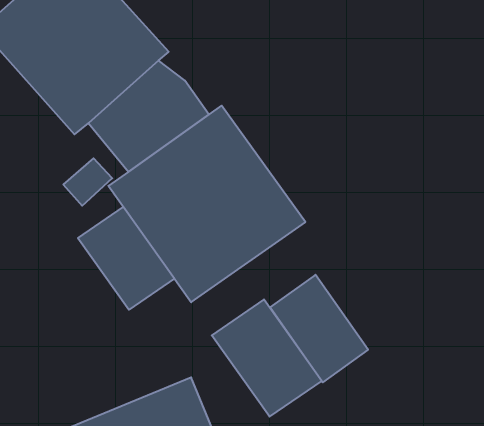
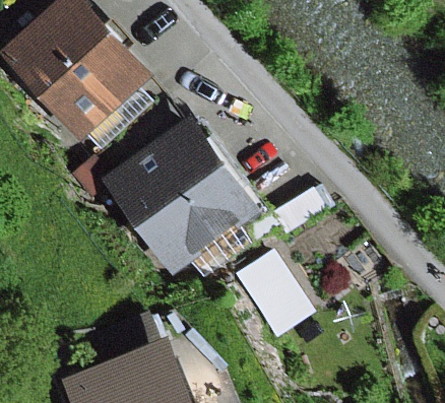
building: [78,207,174,310] -> none
building: [212,299,322,417] -> none

